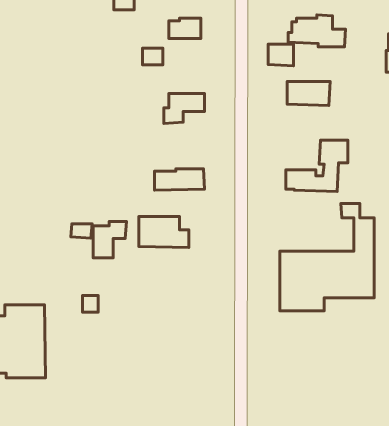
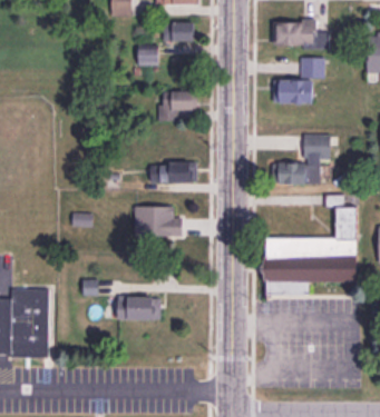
building: [268,44,293,66] -> [300,58,323,78]
building: [93,221,126,258] -> none
building: none -> [118,298,160,320]

